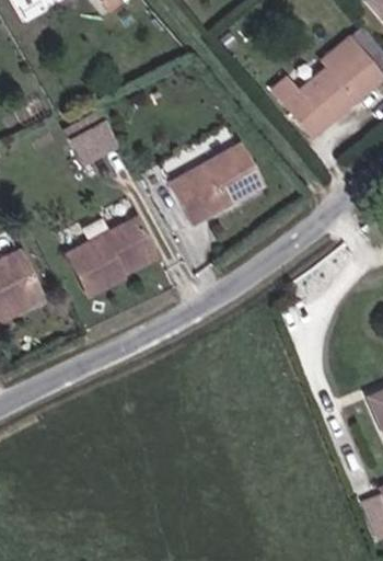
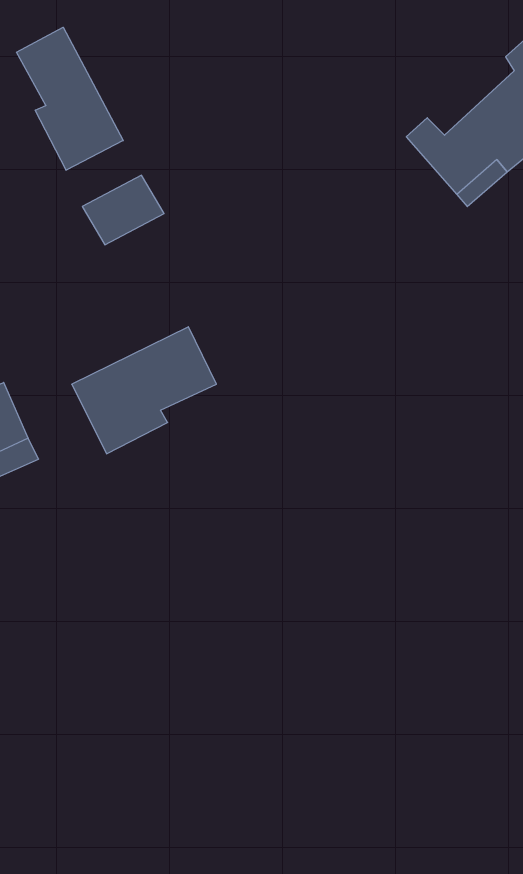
building: none -> [17,27,123,170]
building: [172,142,265,222] -> none

